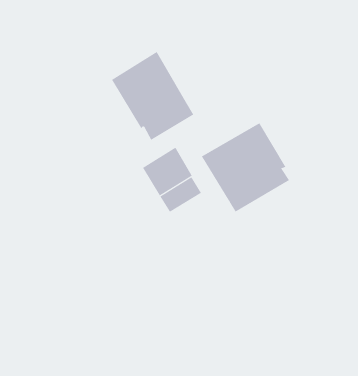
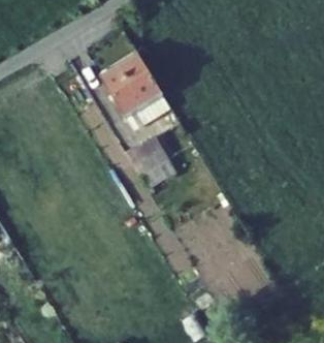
building: [201,122,290,213] -> none

